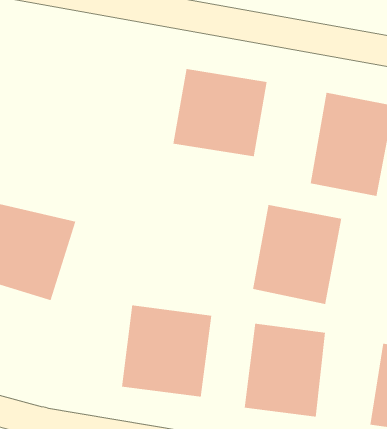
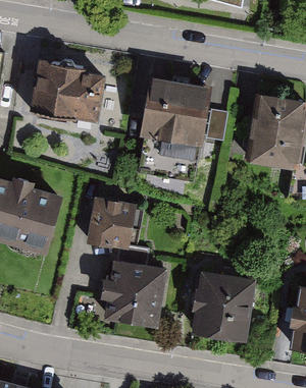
building: none -> [30,60,105,119]
building: [252,204,342,305] -> none
building: none -> [89,199,143,246]

